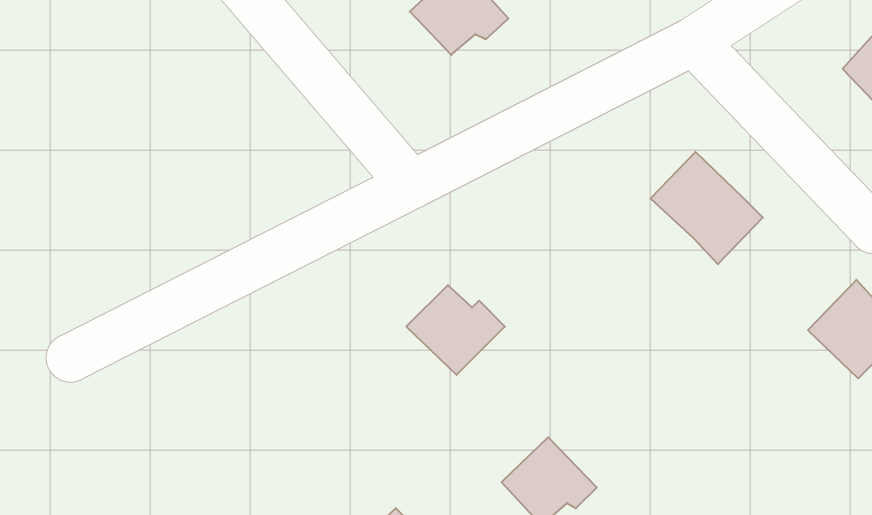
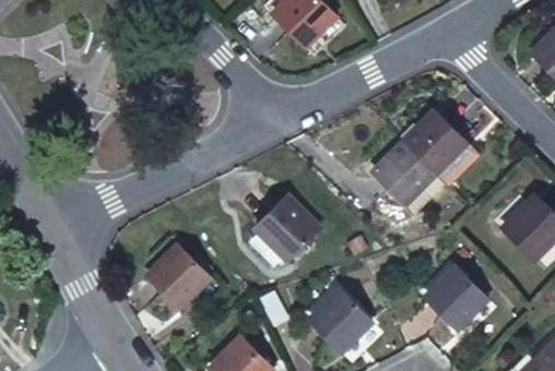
building: none -> [381,142,439,203]
building: none -> [152,247,211,303]
building: none -> [436,273,495,330]

